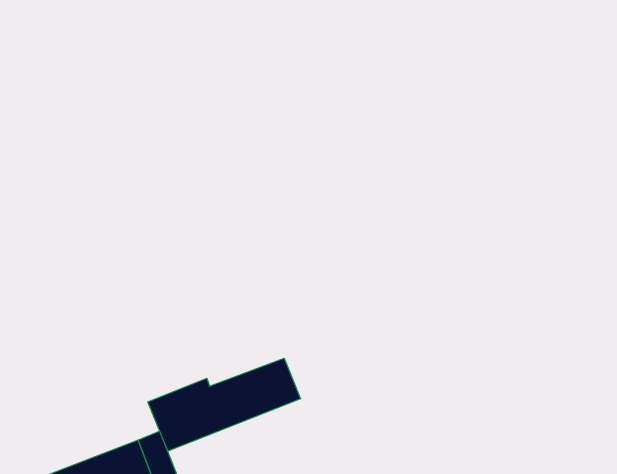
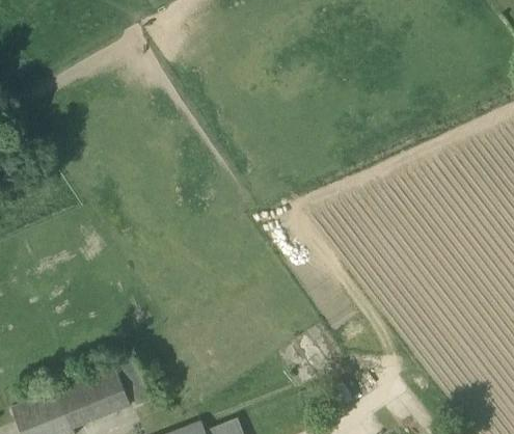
building: [148,358,301,451] -> none

